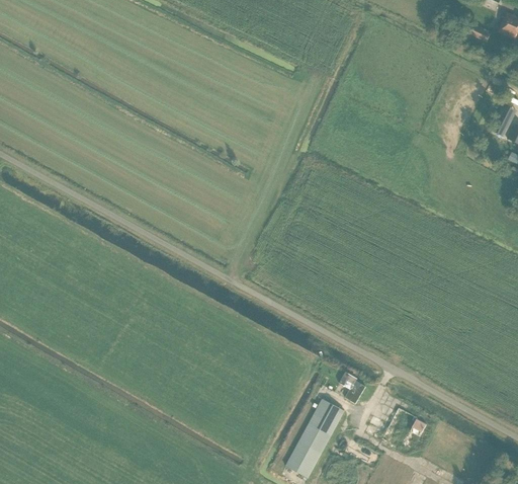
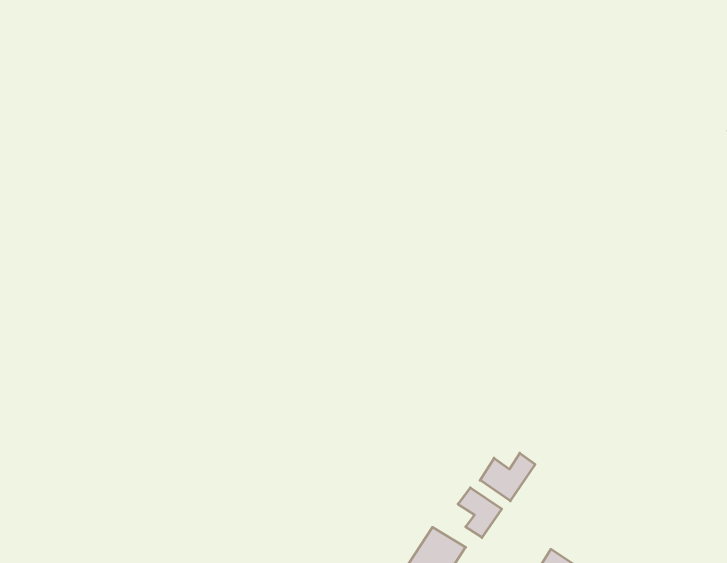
building: none -> [480,453,535,501]

